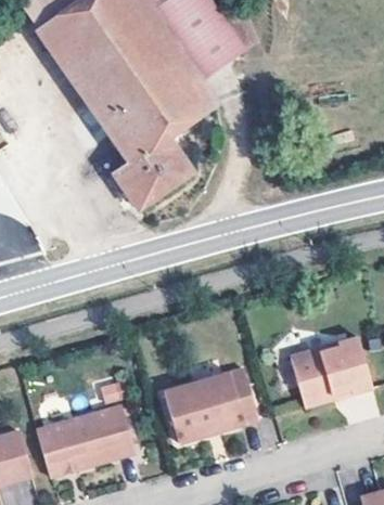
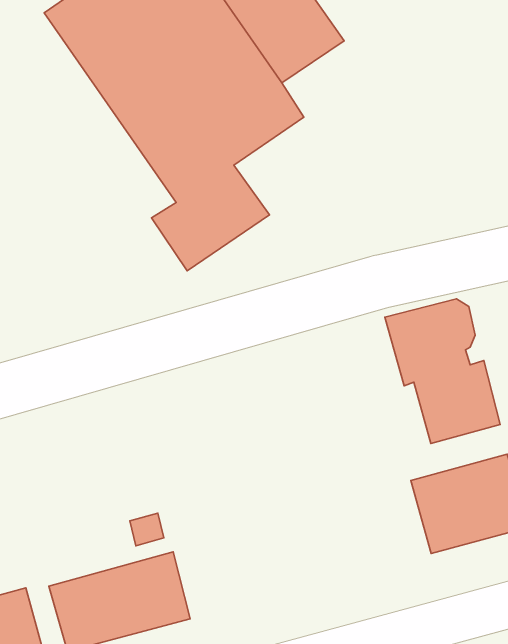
building: none -> [385,299,500,443]
building: [165,370,260,442] -> none

